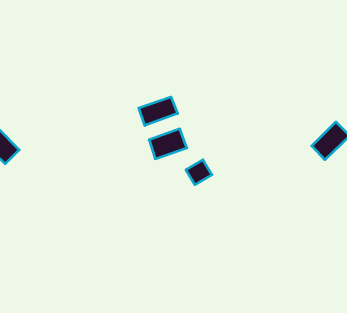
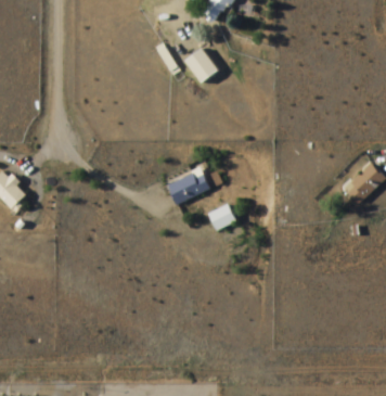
building: none -> [184,49,218,84]
building: [139,97,178,126] -> none

